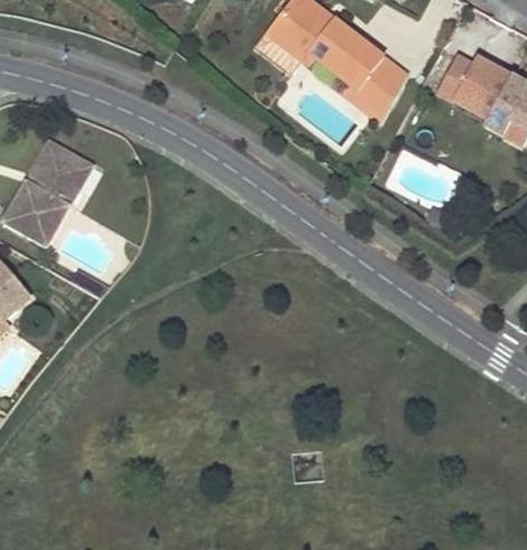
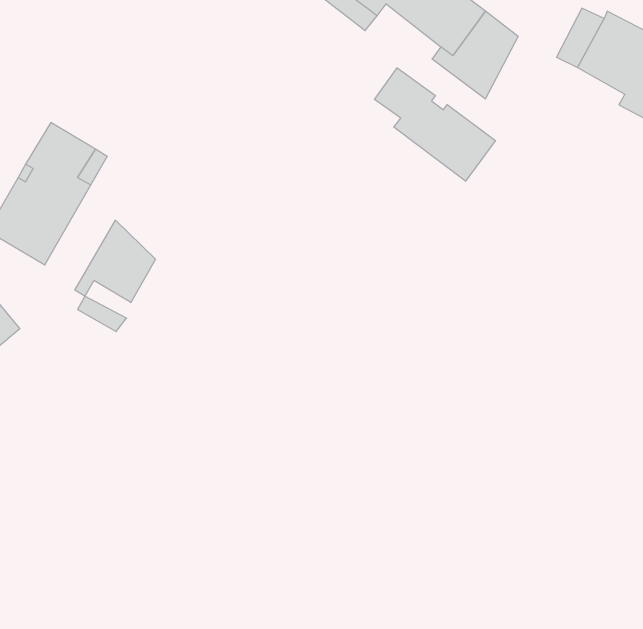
building: none -> [374,68,495,181]
building: none -> [75,220,155,303]

